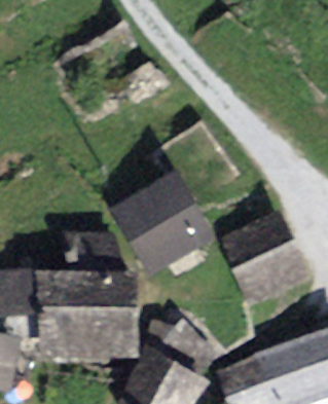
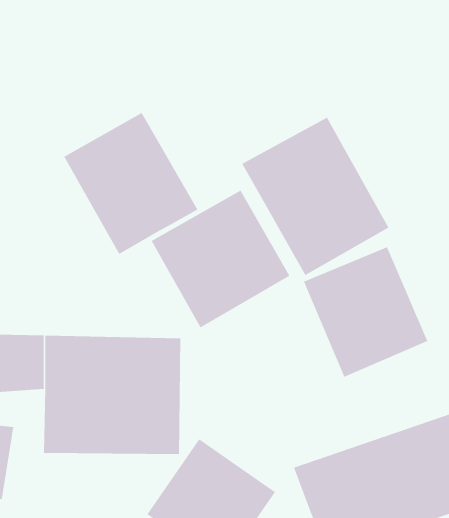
building: none -> [63,112,198,255]
building: none -> [241,117,389,276]

